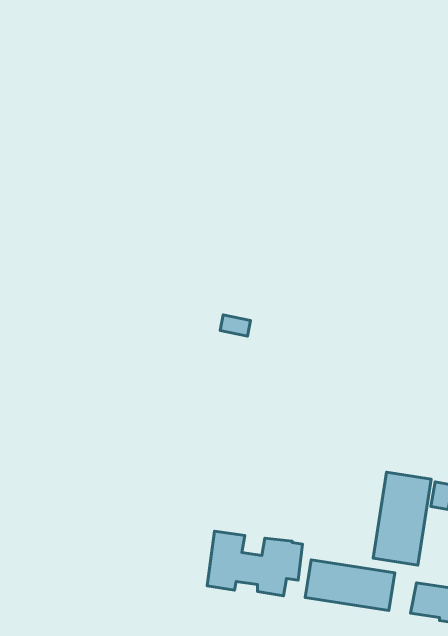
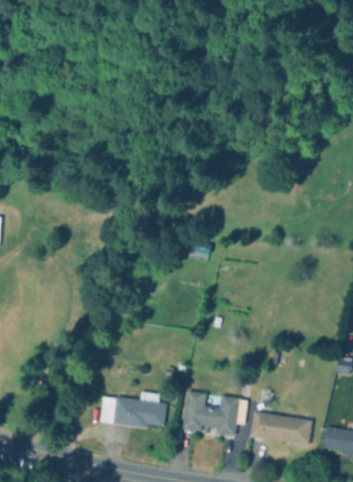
building: [373,472,431,565] -> none
building: none -> [99,392,166,430]

